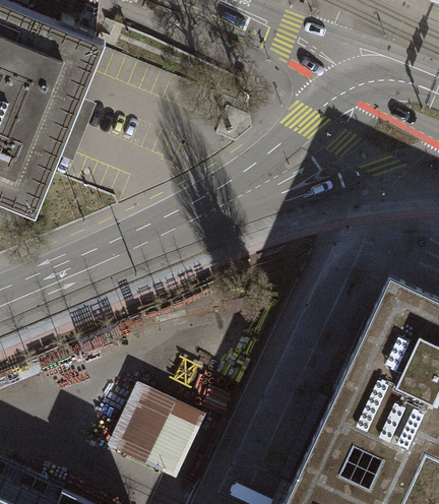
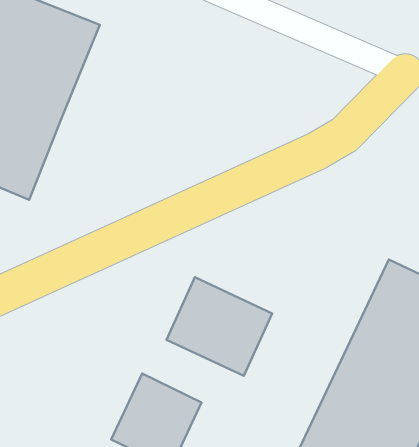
building: none -> [167,277,272,376]

